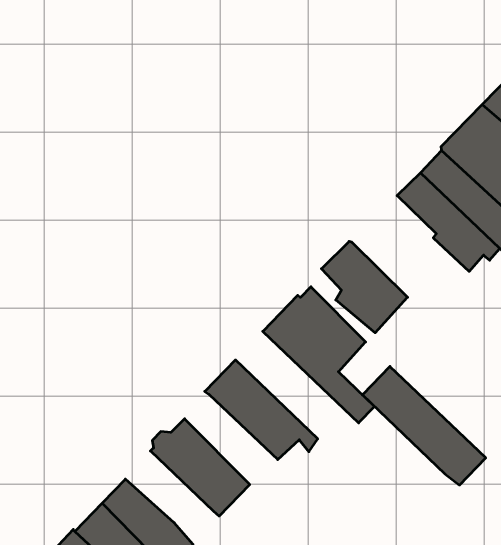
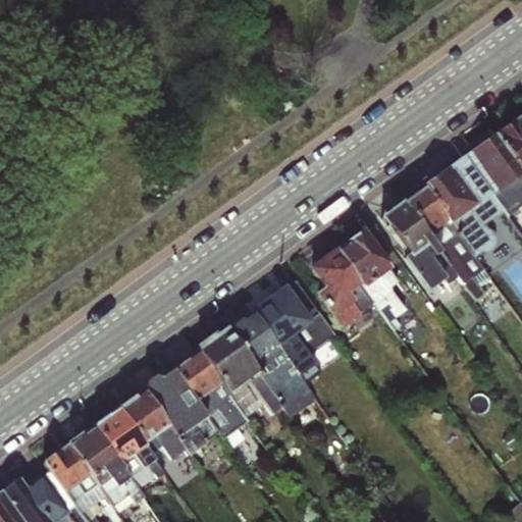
building: none -> [337,228,406,329]
building: [362,366,486,485] -> [225,309,317,416]
building: none -> [175,353,248,438]
building: none -> [118,390,186,459]

